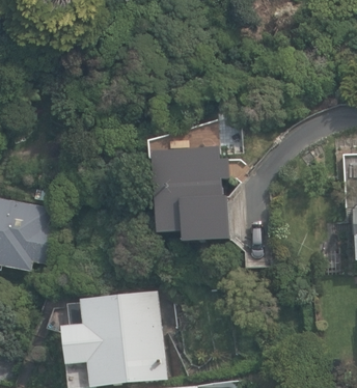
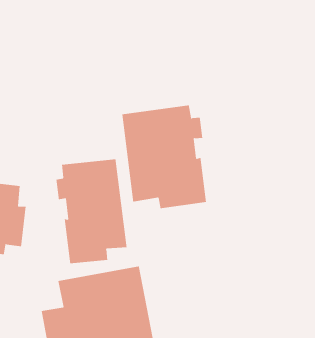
building: none -> [56,158,127,264]

